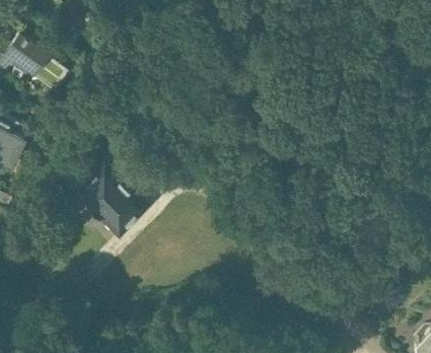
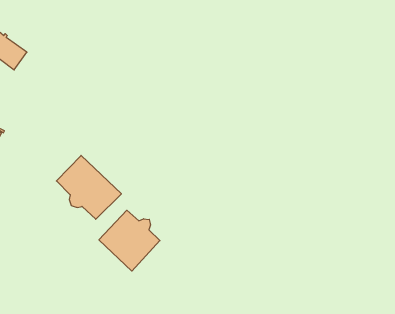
building: none -> [99,210,160,271]

